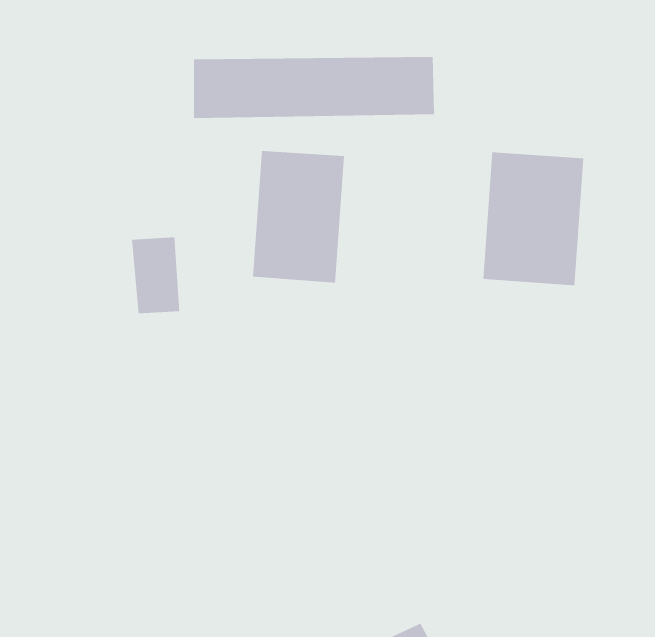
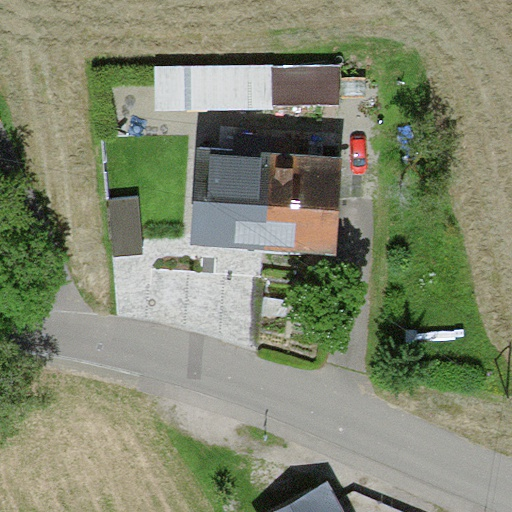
building: [482,152,584,286] -> [263,137,342,241]

